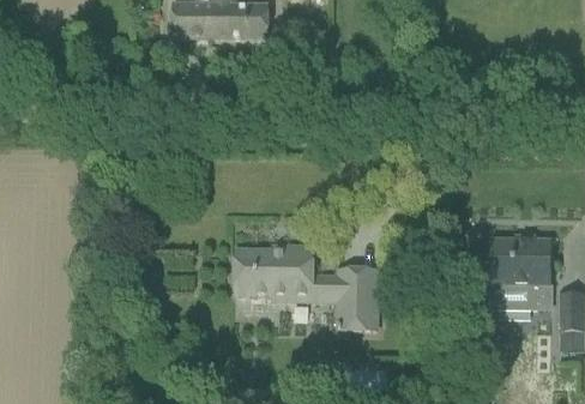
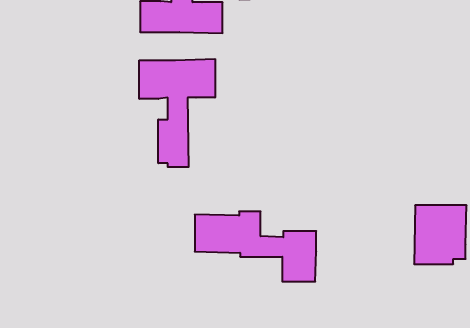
building: none -> [139,59,215,167]

